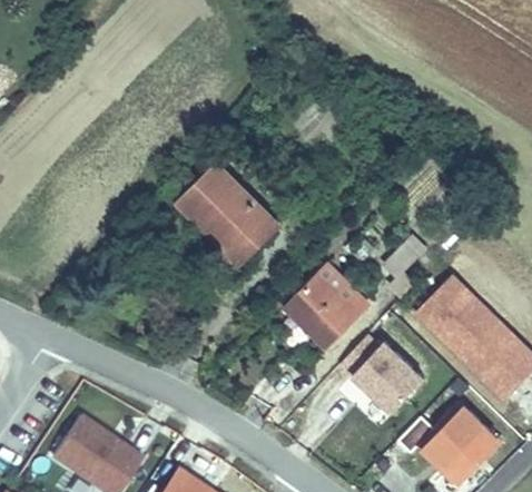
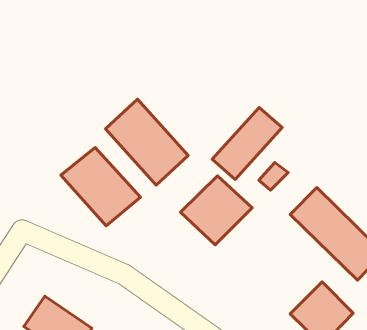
building: none -> [212,107,282,179]
building: none -> [61,147,140,226]
building: [341,333,423,411] -> none

